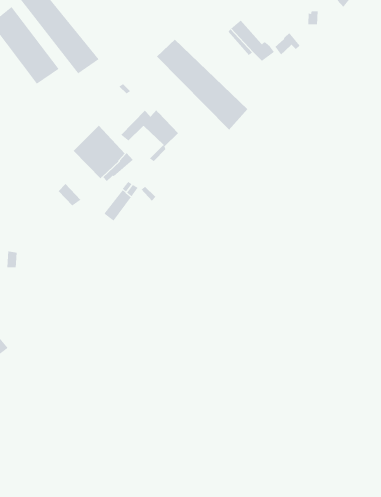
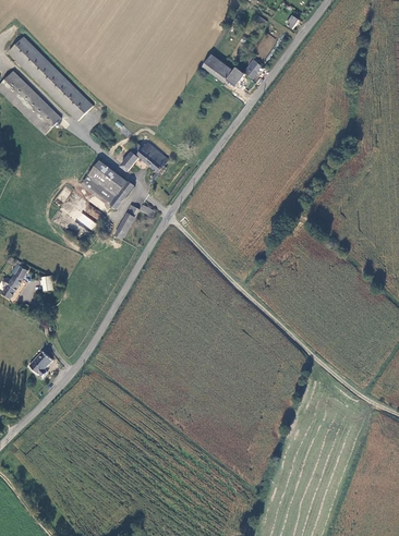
building: [156,39,248,131] -> none

